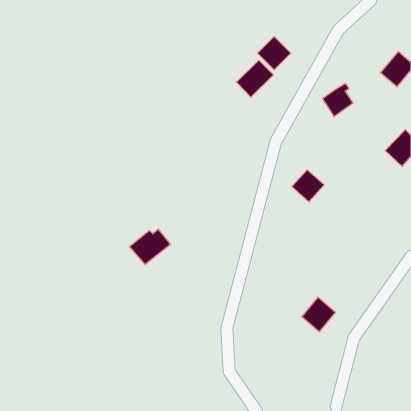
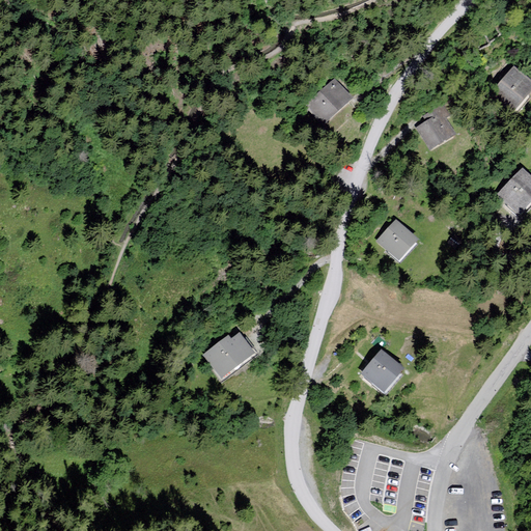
building: [258,37,291,70] -> none
building: [130,229,171,264] -> [202,332,255,378]
building: [302,297,335,332] -> [361,348,404,393]

